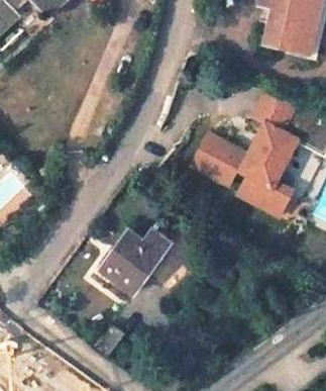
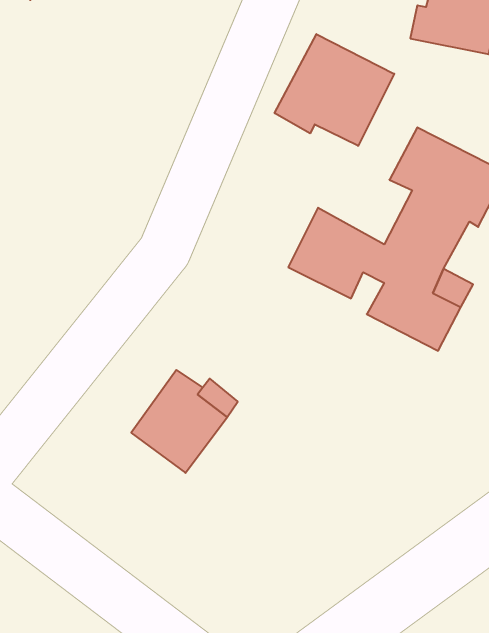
building: none -> [275,34,394,146]

